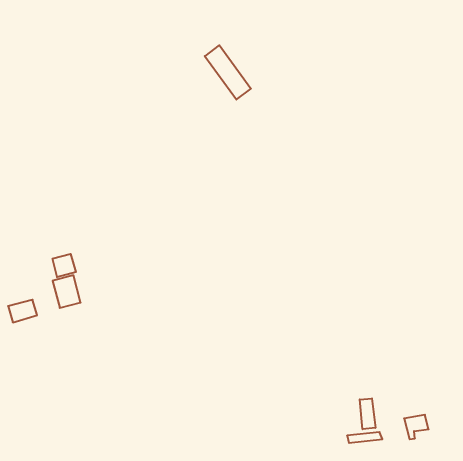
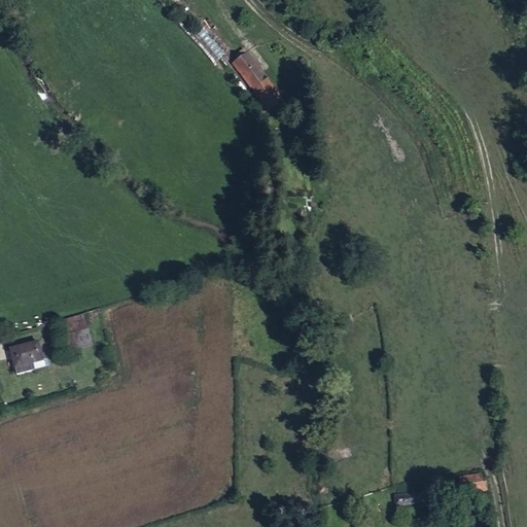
building: [53,254,76,277] -> none
building: [360,398,375,429] -> none

